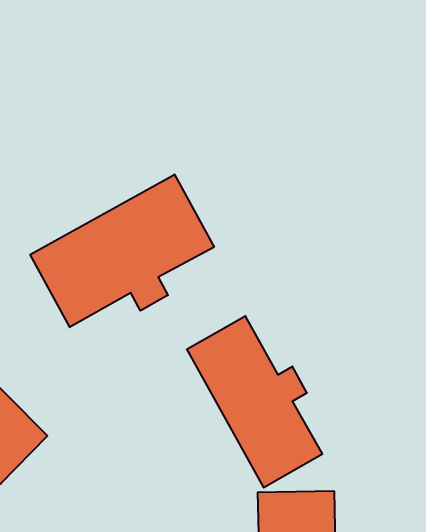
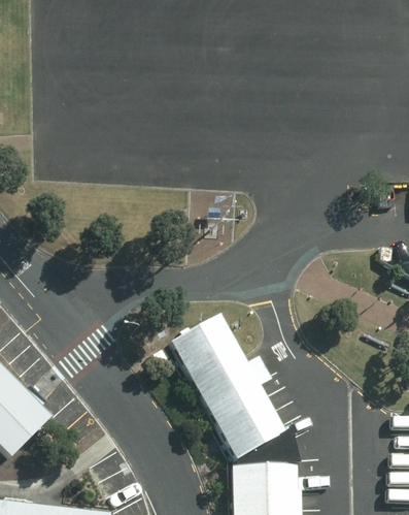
building: [30,174,214,327] -> none

